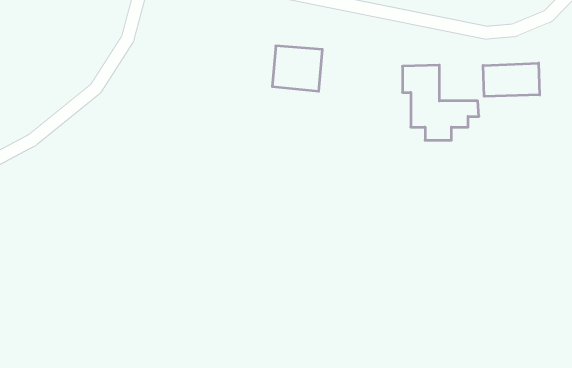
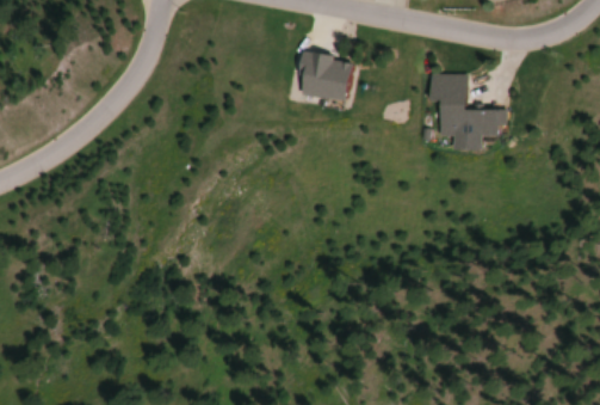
building: [483,63,540,96] -> none

